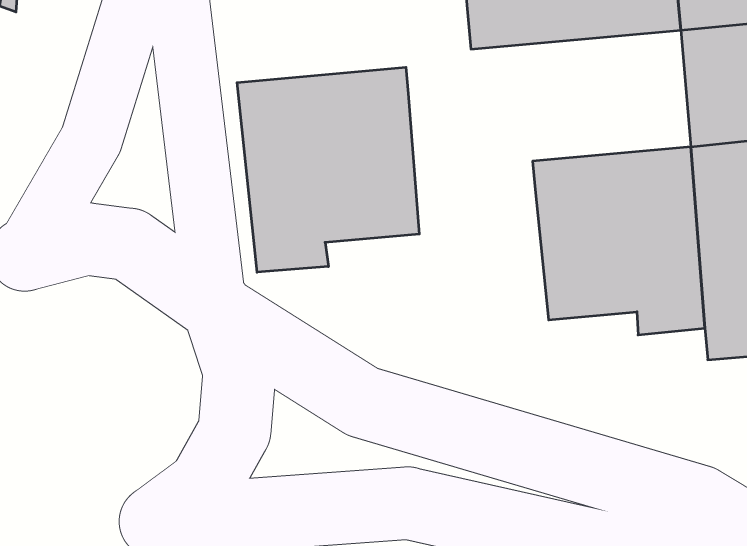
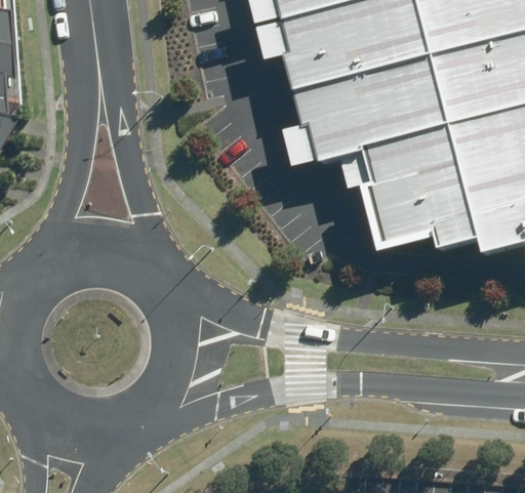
building: none -> [299,55,447,161]
building: [237,67,419,272] -> none

